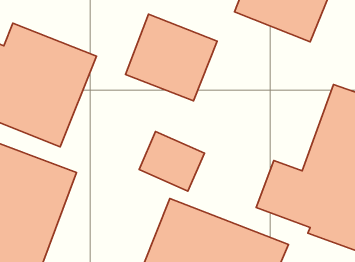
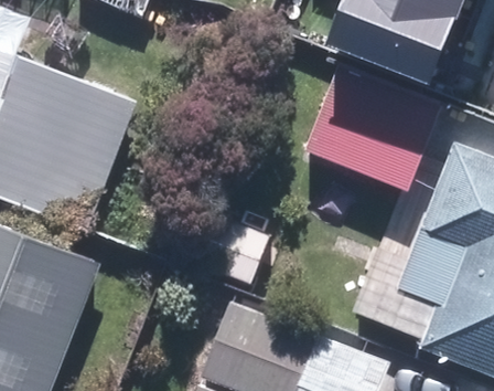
building: [126,14,217,101] -> none
building: none -> [308,67,448,191]

